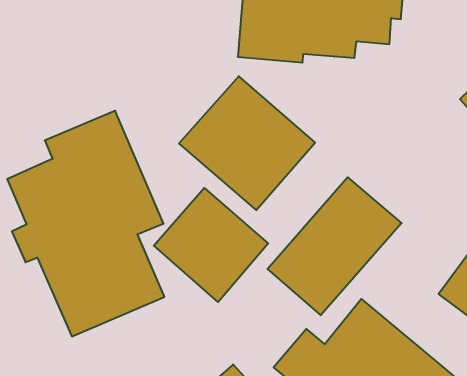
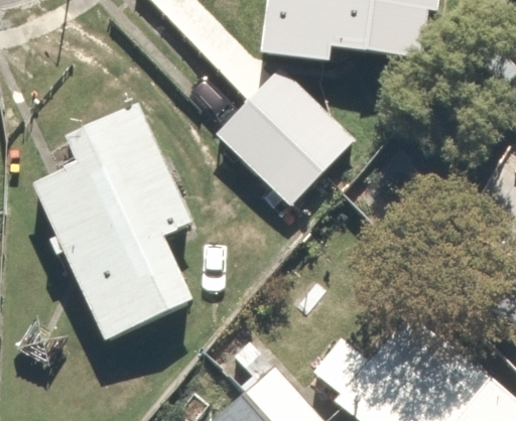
building: [268,177,402,315] -> none
building: [154,188,268,302] -> none

